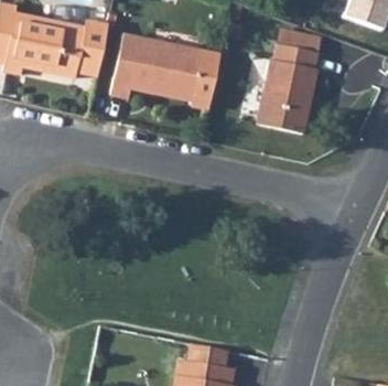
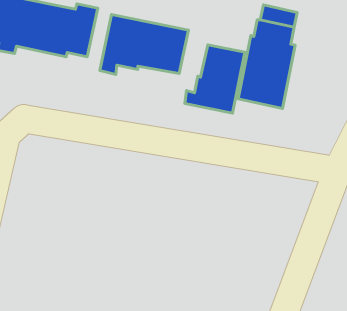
building: none -> [185,45,245,113]

